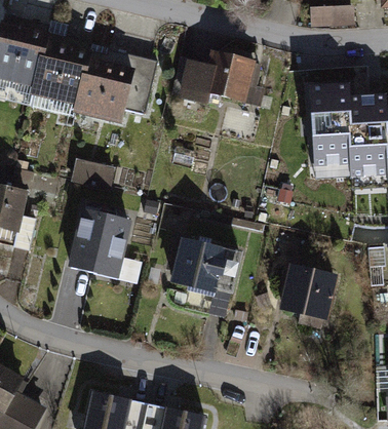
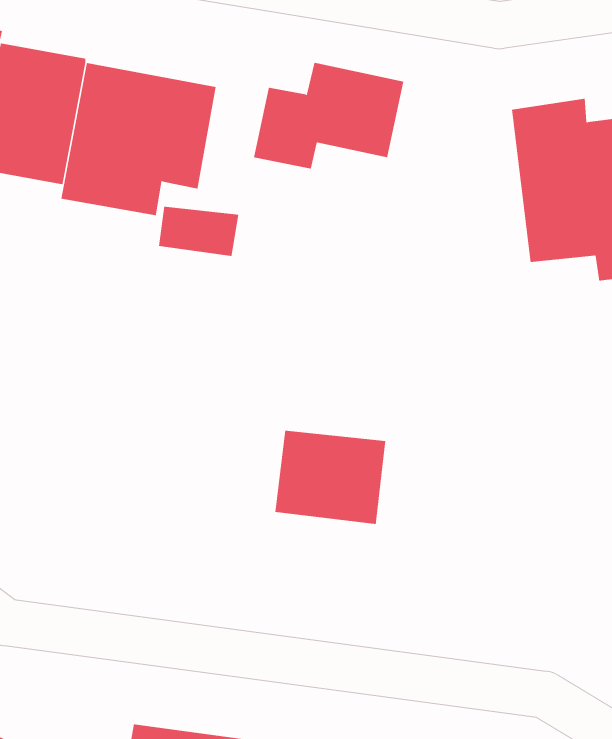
building: [70,163,113,192] -> [158,206,239,257]
building: [72,214,128,280] -> none
building: [279,268,337,322] -> none

